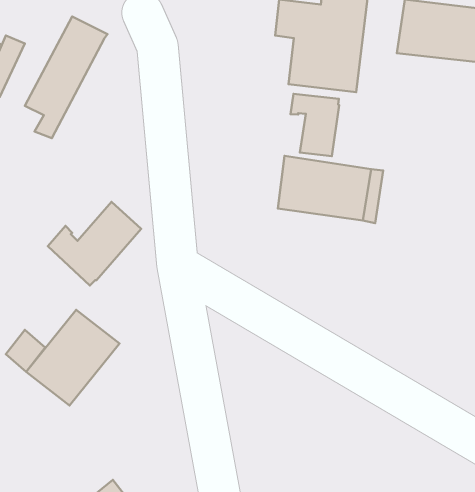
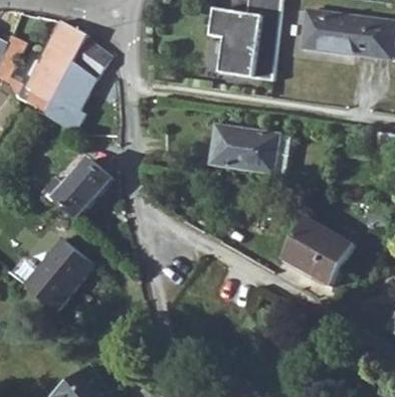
building: none -> [44,38,111,134]
building: [290,94,339,156] -> none
building: none -> [284,215,355,282]

